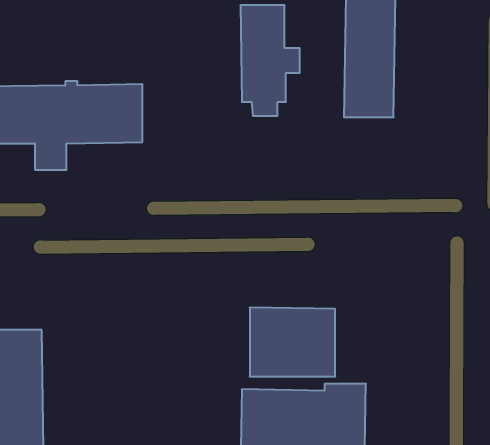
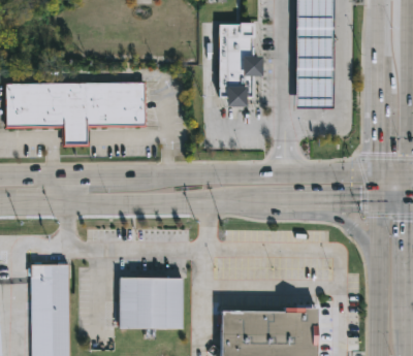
building: [250,307,335,377] -> [119,278,183,329]

